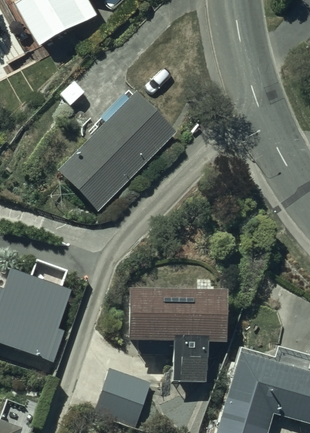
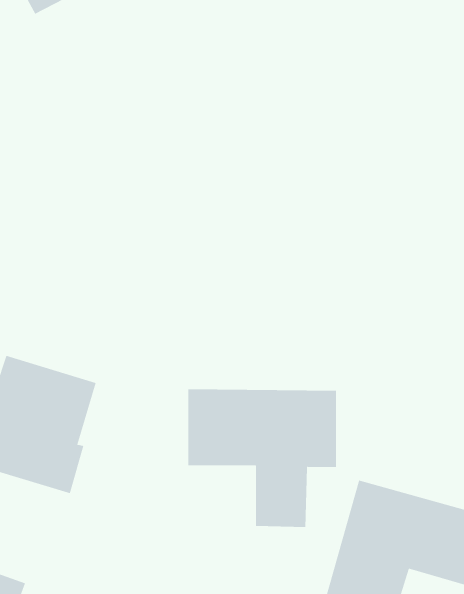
building: [57,80,178,201] -> none
building: [96,367,151,422] -> none

